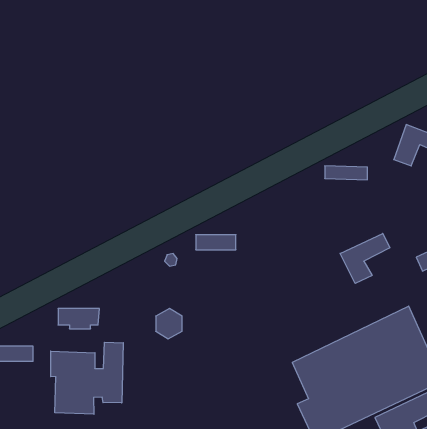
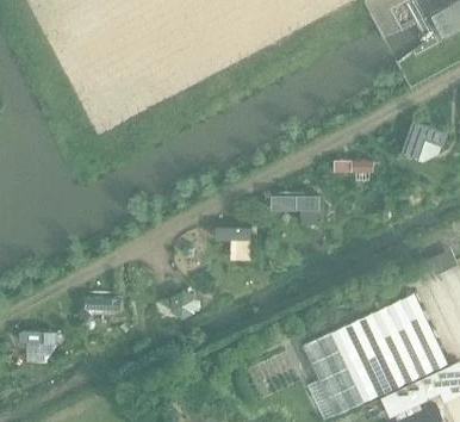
building: none -> [275,192,315,212]
building: [340,233,390,283] -> none
building: [51,342,123,414] -> none

